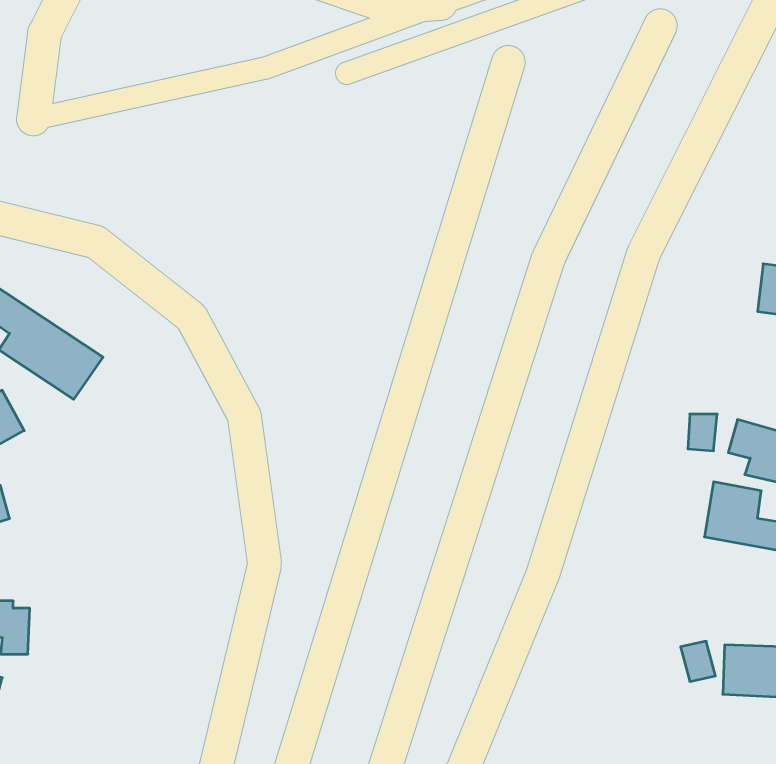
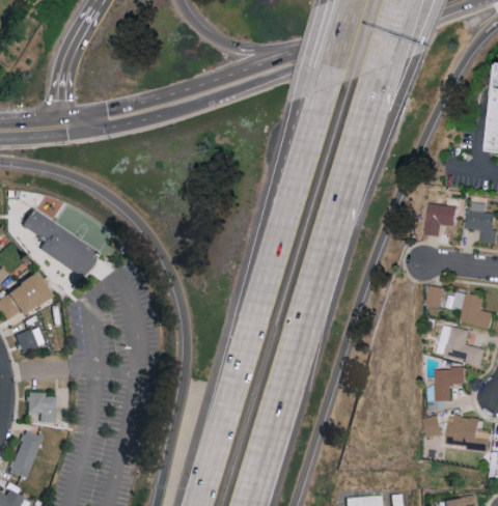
building: none -> [426,203,458,235]
building: none -> [427,368,466,411]

